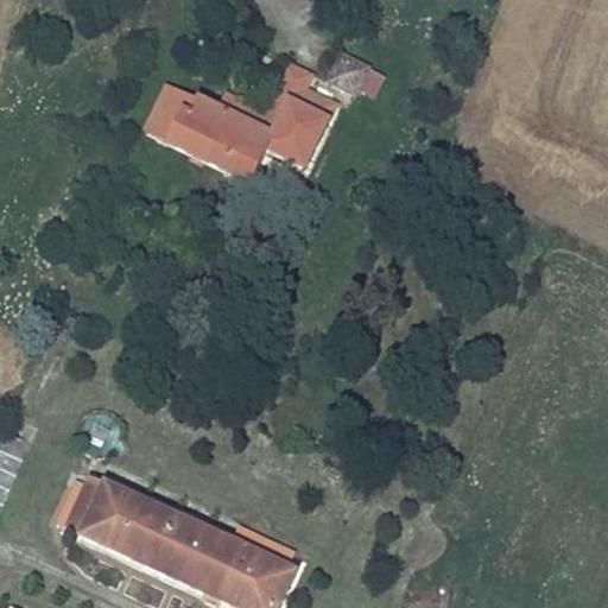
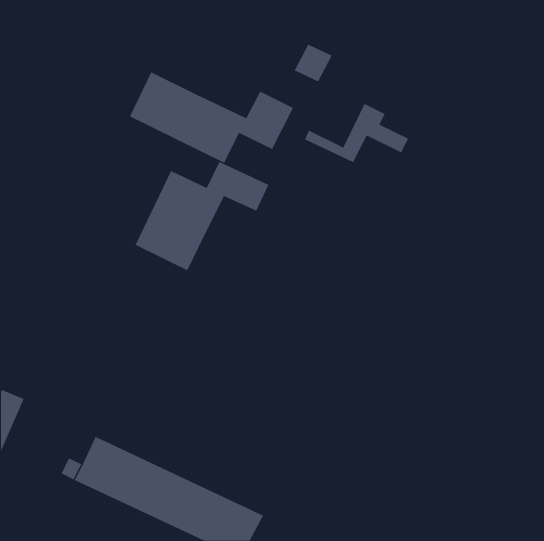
building: [221,64,337,131] -> [304,103,409,163]
building: none -> [135,161,269,271]

